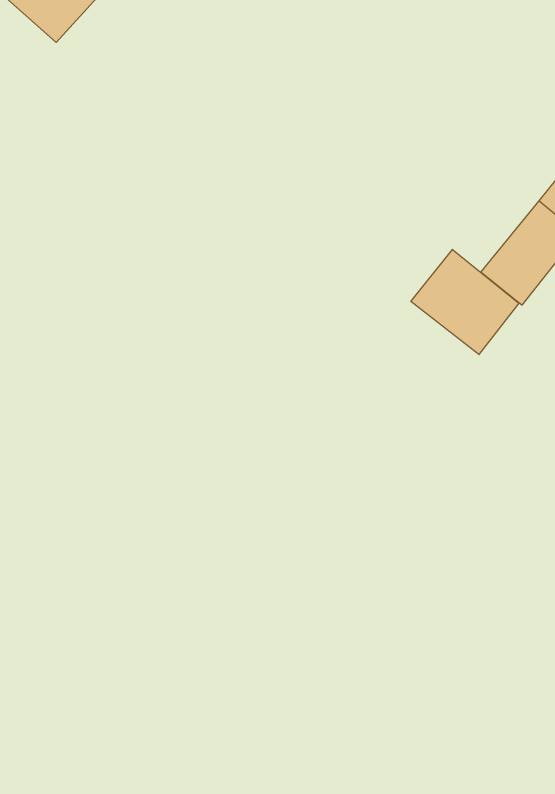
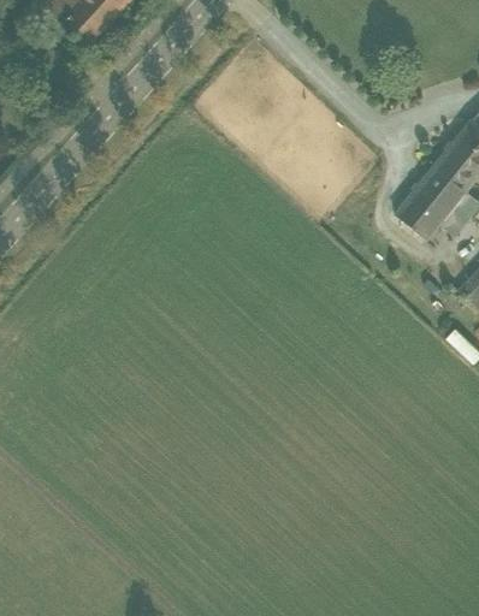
building: [411,249,519,355] -> none

